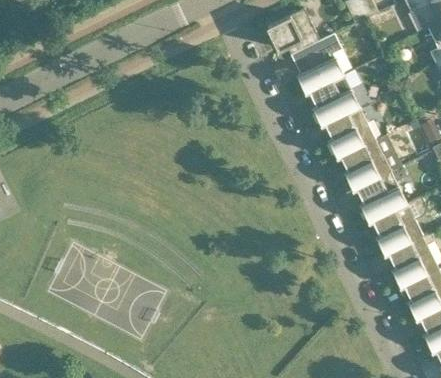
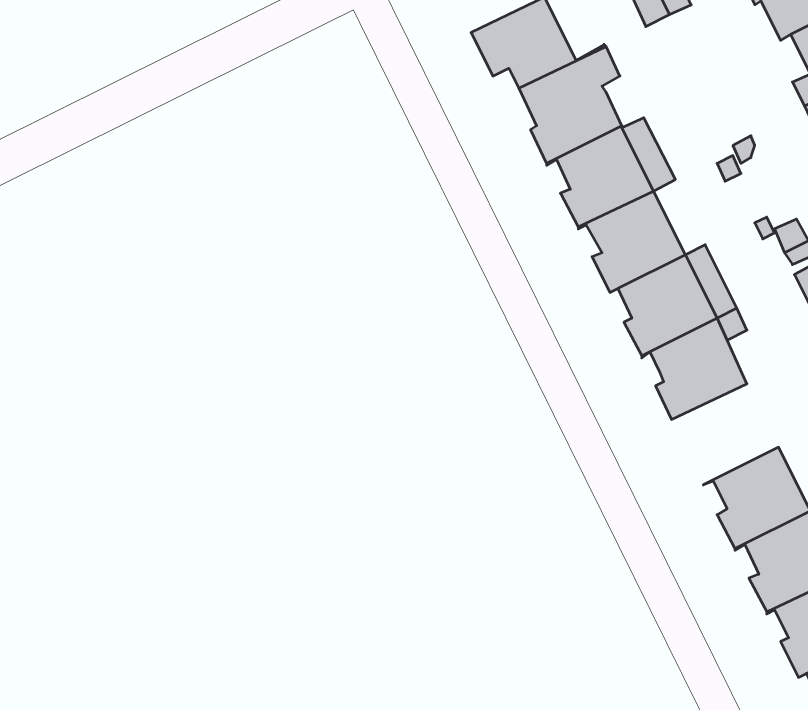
building: [368,197,426,255] -> none

